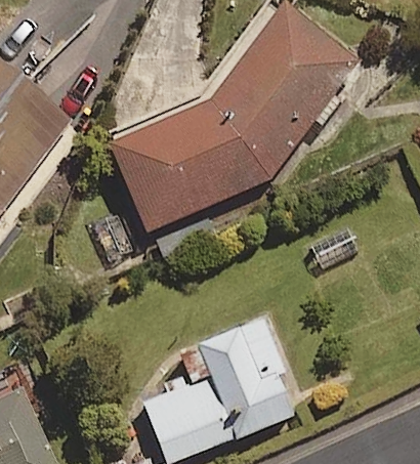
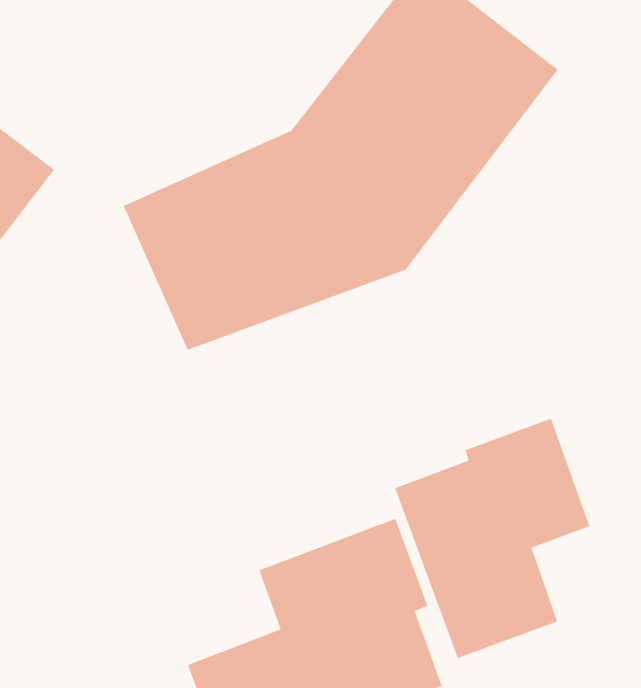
building: none -> [395,418,590,659]

